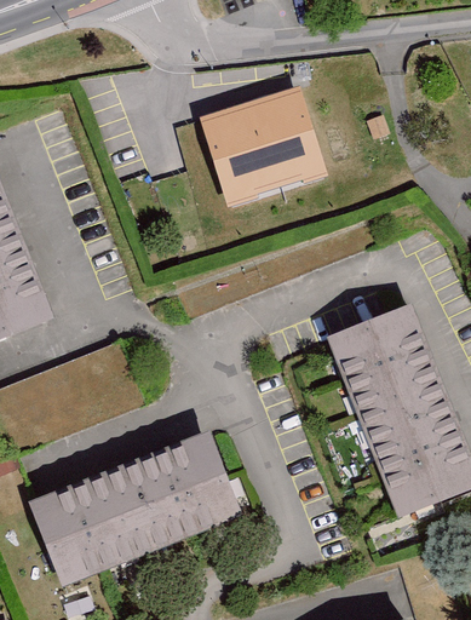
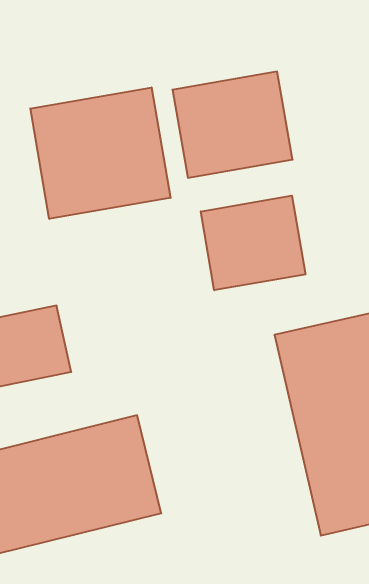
building: none -> [30,87,171,219]
building: none -> [201,196,305,290]

